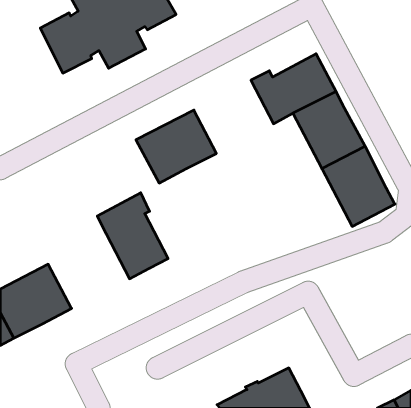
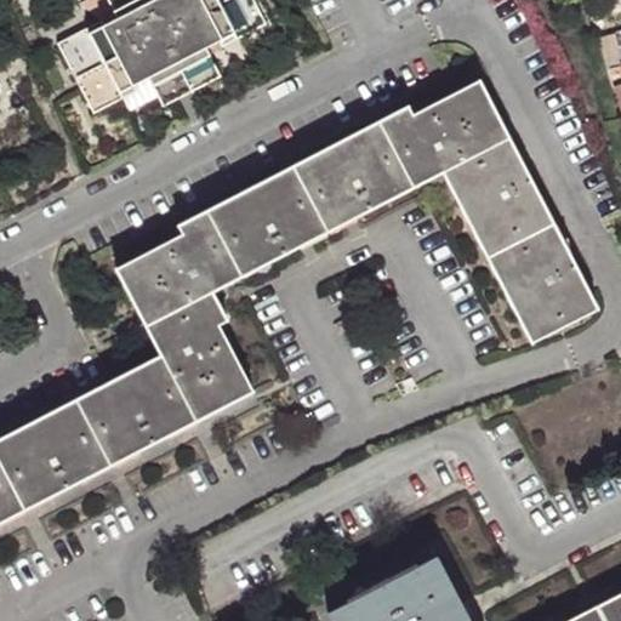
building: none -> [292,121,412,232]
building: none -> [116,211,240,326]
building: none -> [73,353,195,466]

